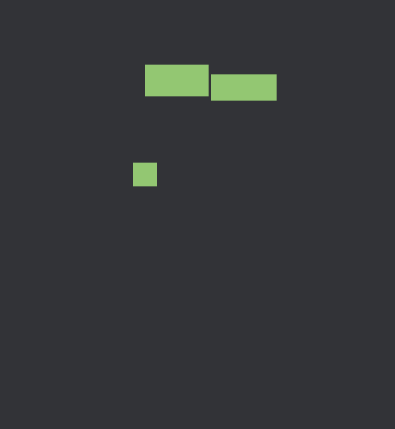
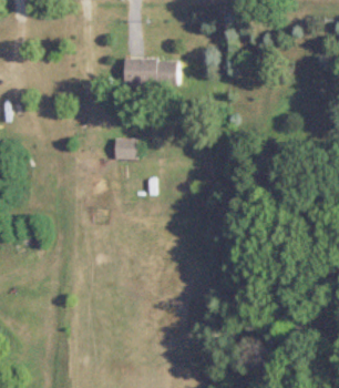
building: [210,74,277,101] -> none

